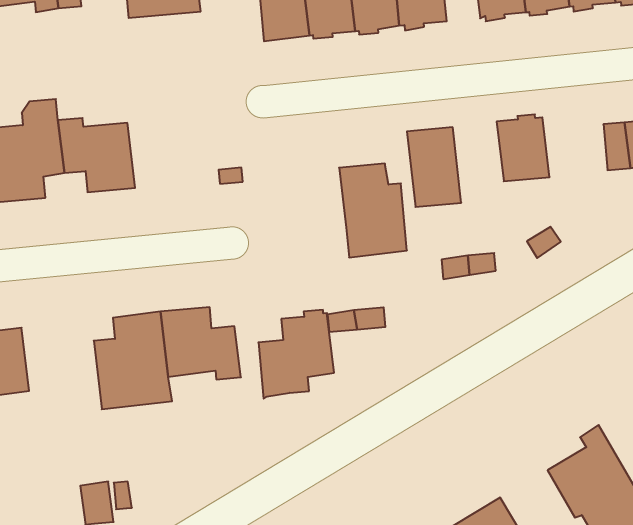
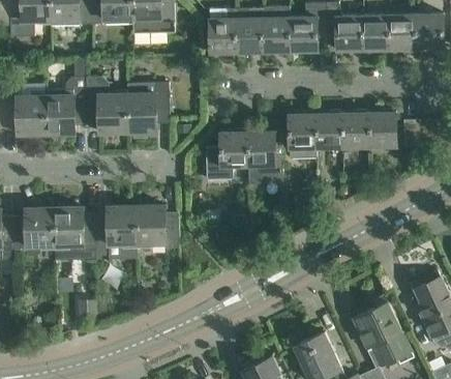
building: none -> [125,77,169,132]
building: none -> [367,109,395,147]
building: none -> [314,110,341,157]
building: [258,310,334,399] -> [205,130,247,179]
building: none -> [53,206,95,260]

